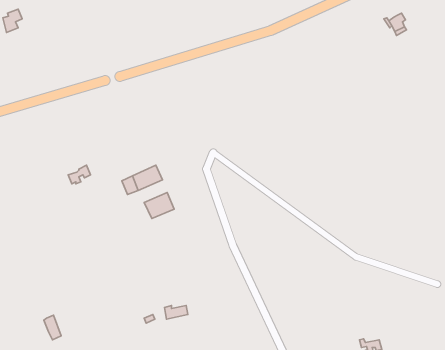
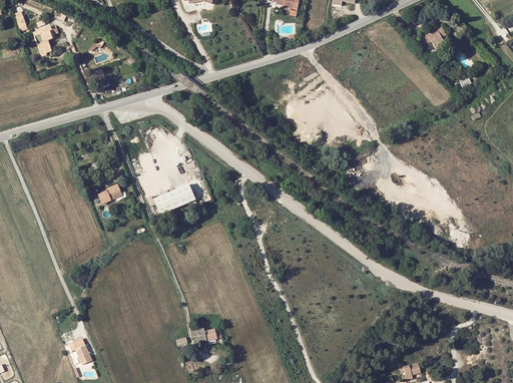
building: [144,192,174,219] -> none

